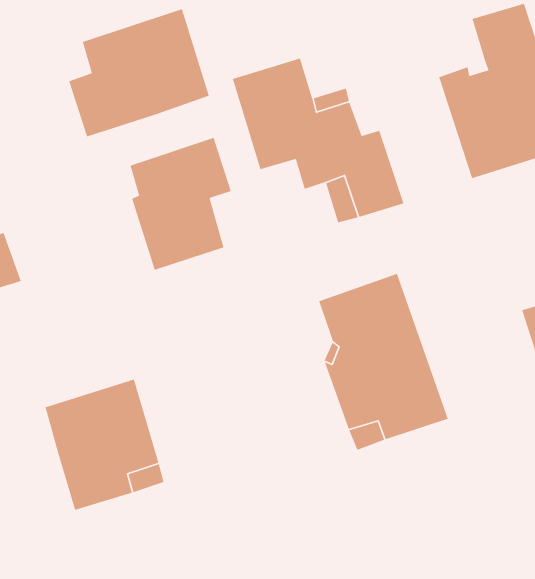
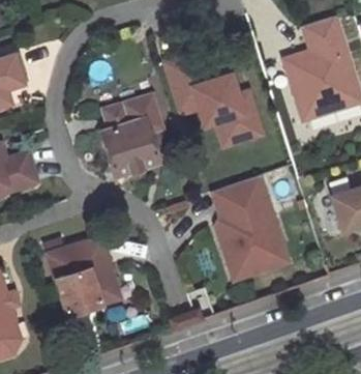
building: [68,8,210,138] -> none

